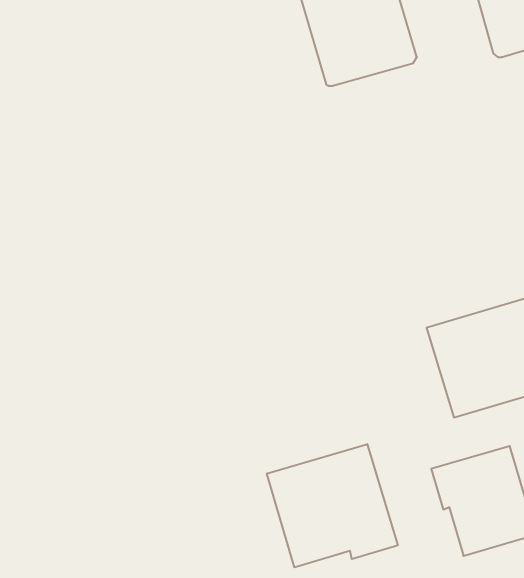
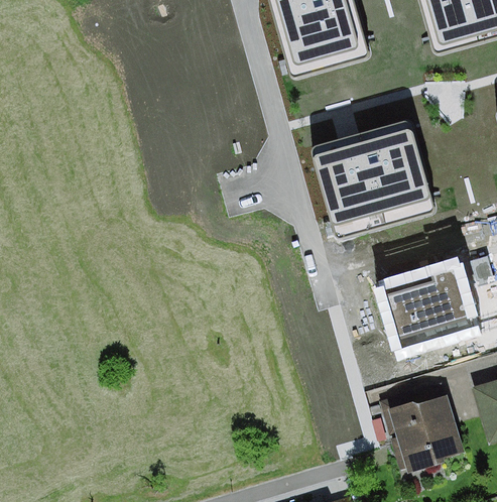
building: none -> [314,118,436,235]
building: [267,444,398,567] -> none

